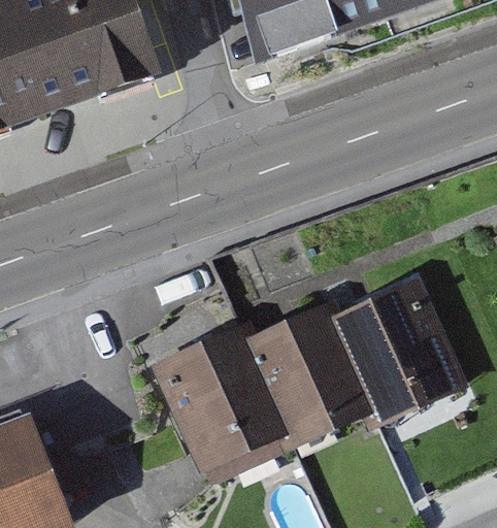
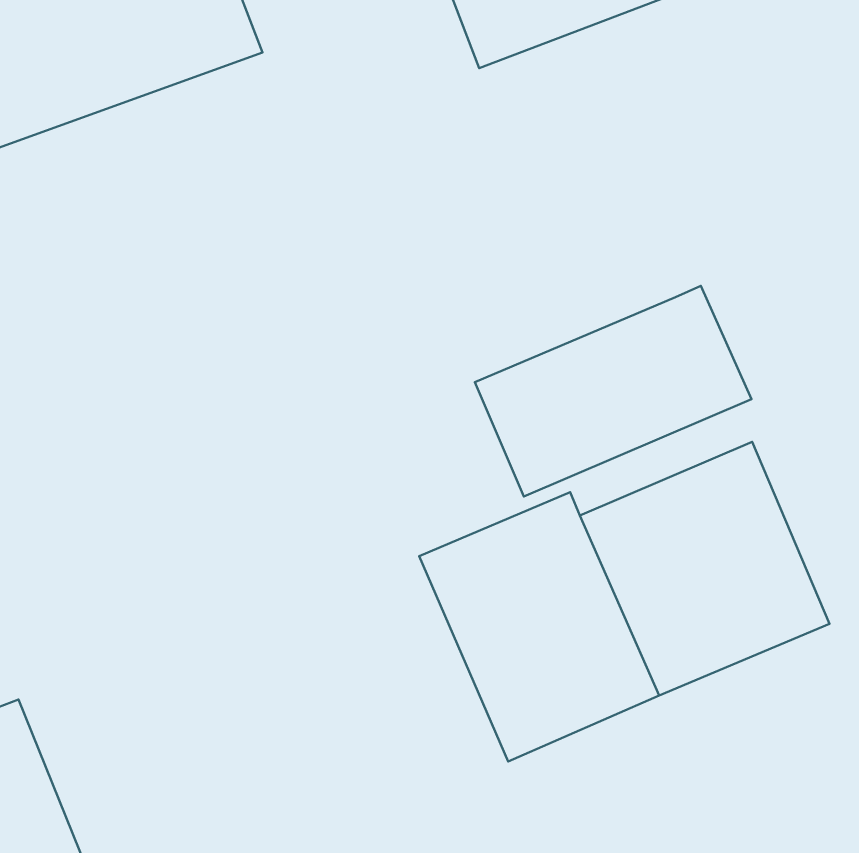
building: none -> [475,286,751,497]
building: [158,327,290,481] -> none

